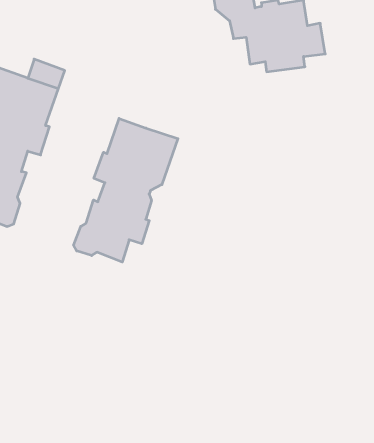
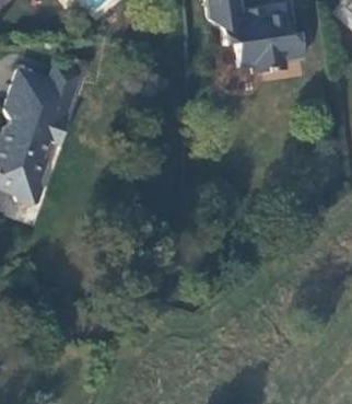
building: [74,118,178,262] -> none

